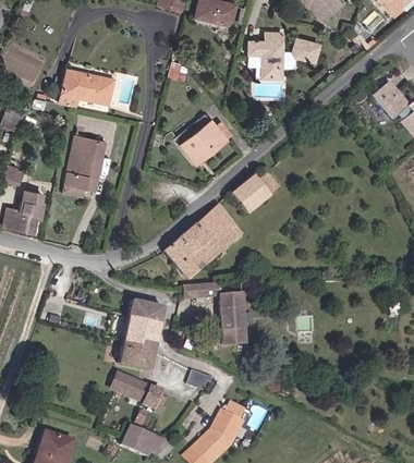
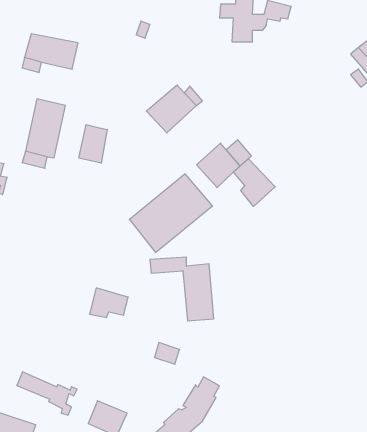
building: none -> [79,125,107,163]
building: none -> [233,159,275,206]
building: [131,300,166,324] -> none
building: [118,338,157,370] -> none
building: [112,371,170,413] -> [17,372,77,415]

